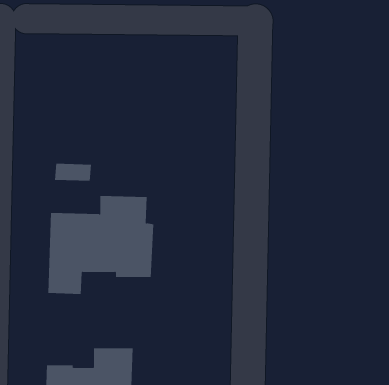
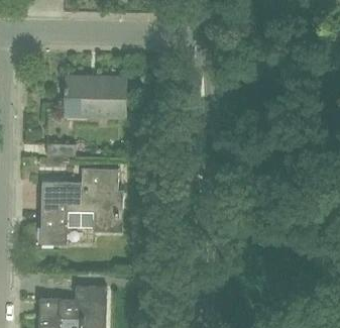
building: none -> [66,77,125,117]

